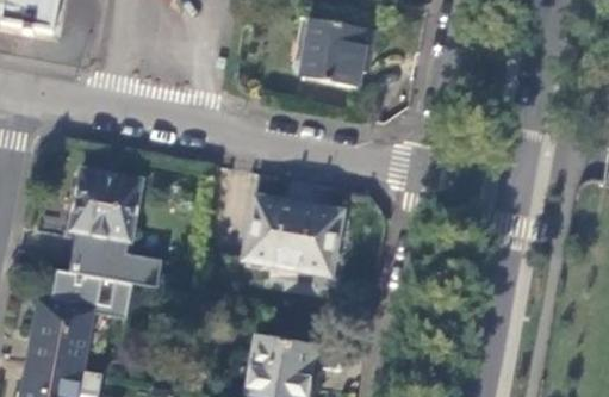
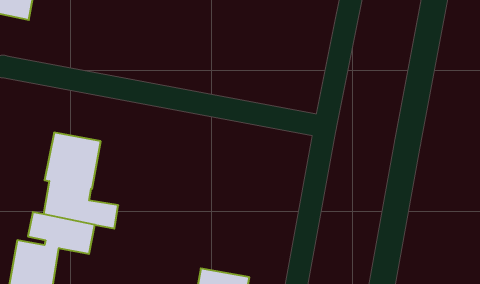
building: [299,21,372,89] -> none
building: [241,197,338,273] -> none

